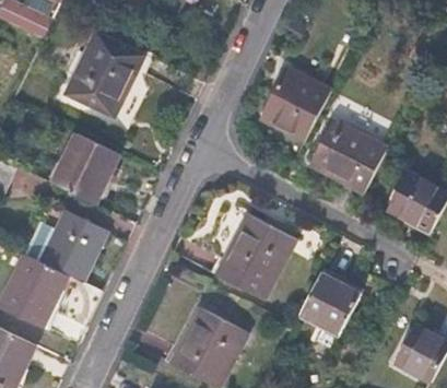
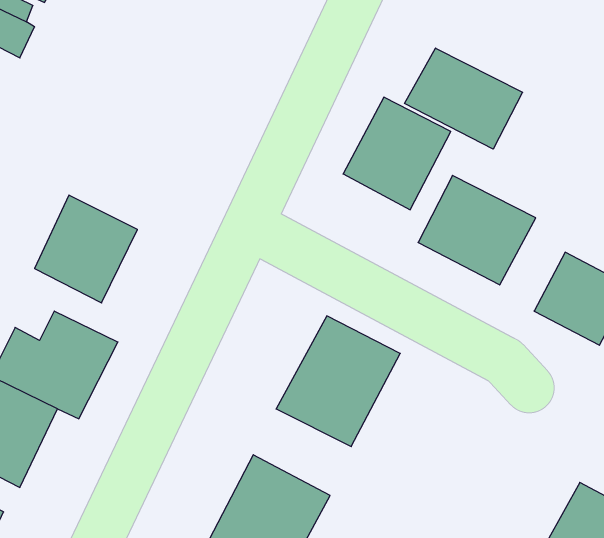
building: [64,32,144,117] -> none
building: none -> [405,48,523,149]
building: [299,273,362,349] -> none

